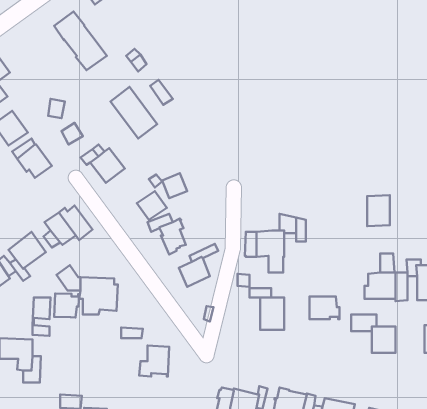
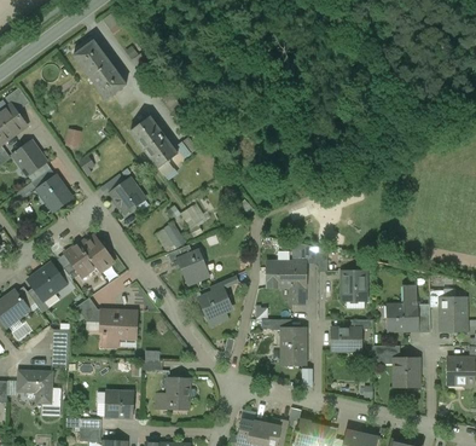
building: [367,195,390,226] -> [342,270,365,301]
building: [54,293,79,317] -> none
building: none -> [105,390,133,417]

